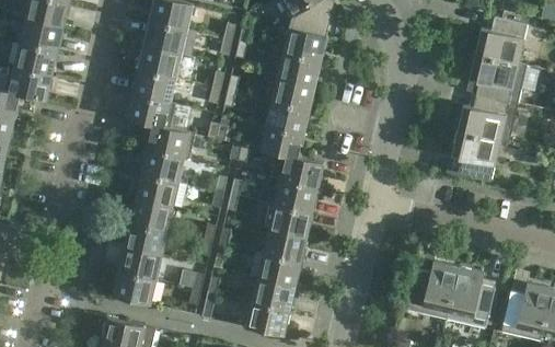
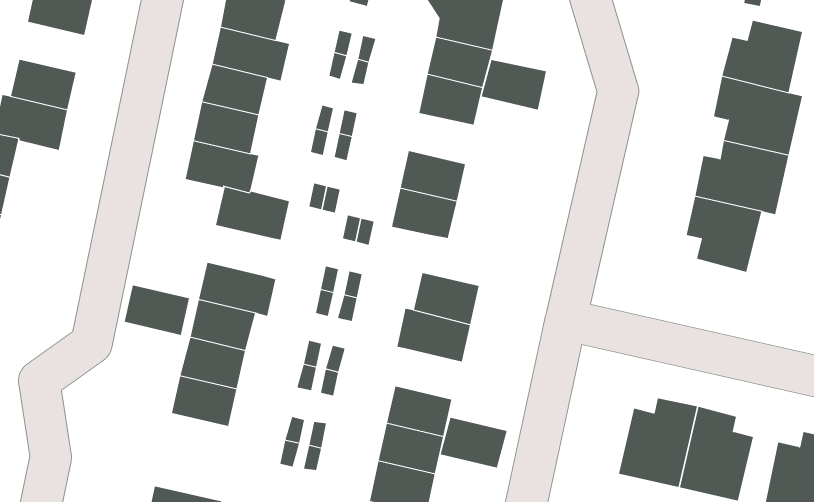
building: [20,18,62,50] -> none
building: [271,77,314,109] -> [481,59,547,110]
building: [141,149,184,182] -> [124,285,190,335]
building: [280,155,323,188] -> none
building: [263,229,307,262] -> [440,417,508,468]
building: [113,270,155,304] -> none

